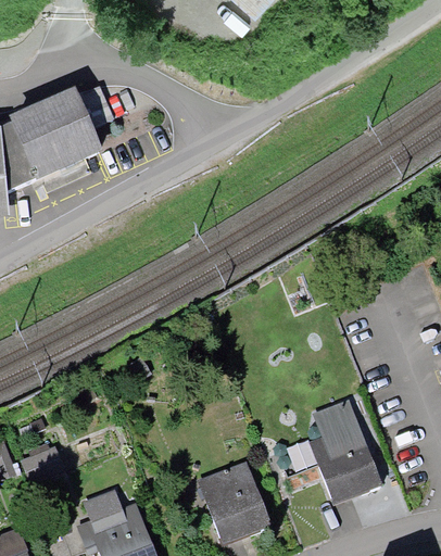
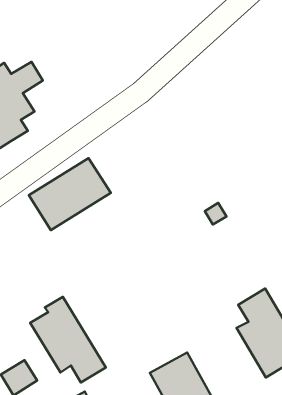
building: none -> [29,158,111,230]
building: none -> [30,297,106,383]

